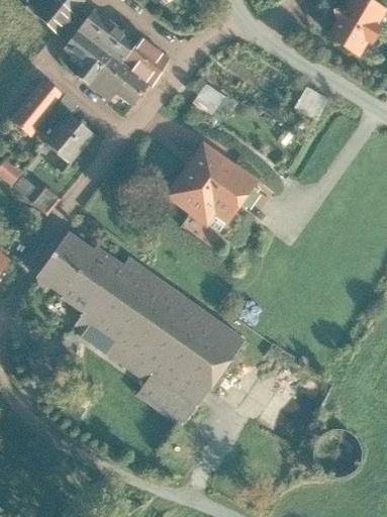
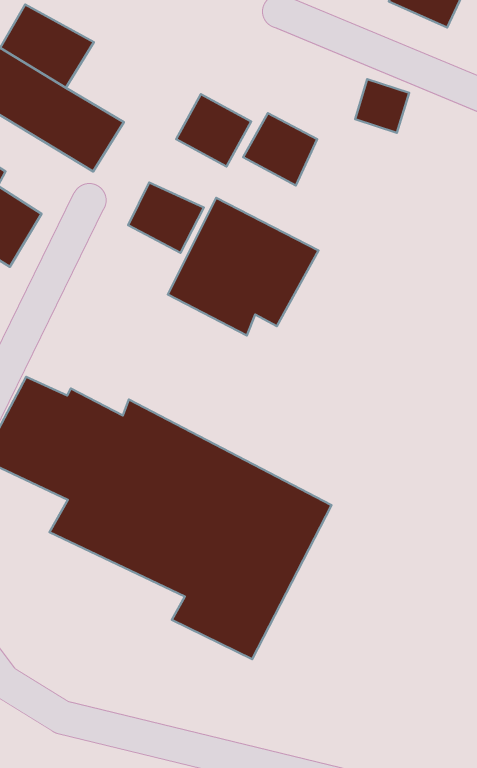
building: [119,28,178,86] -> none
building: none -> [243,113,317,185]
building: none -> [128,182,204,253]

